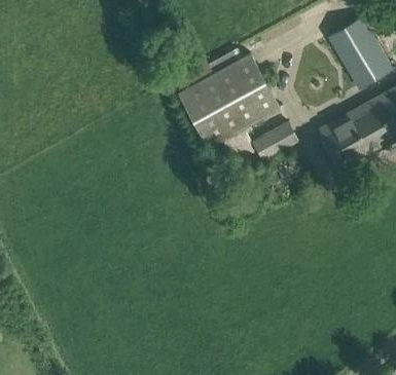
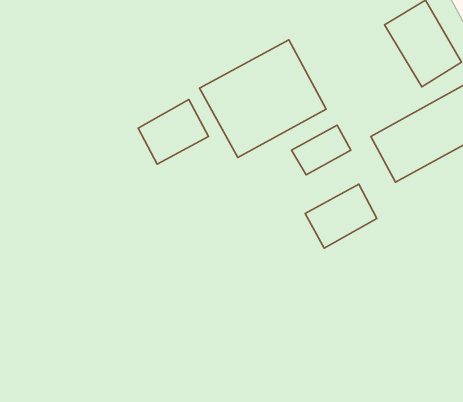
building: none -> [138,100,209,164]
building: none -> [305,184,377,248]

